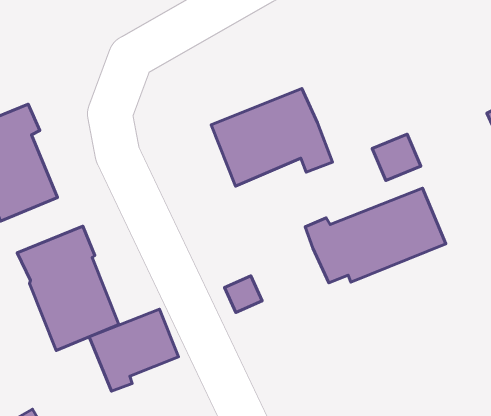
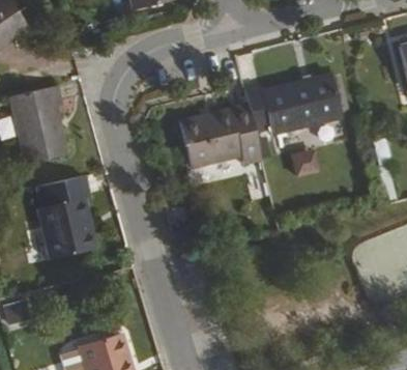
building: [305,188,446,283] -> [244,75,341,133]
building: [89,309,179,391] -> none

